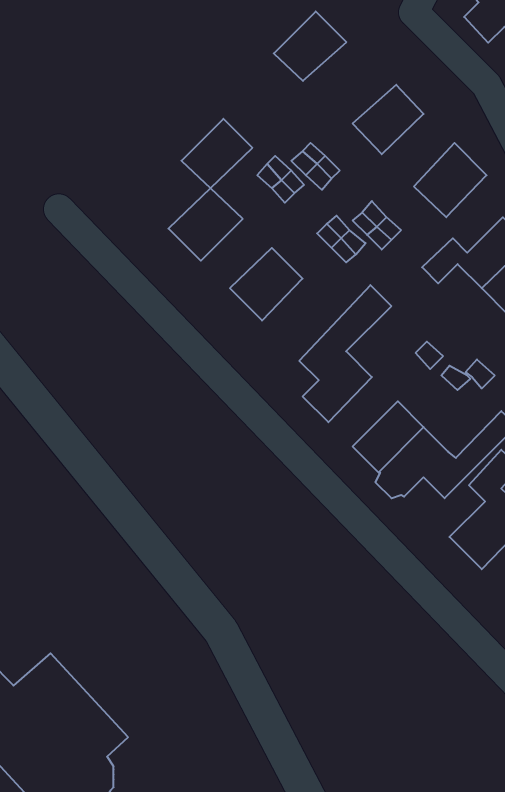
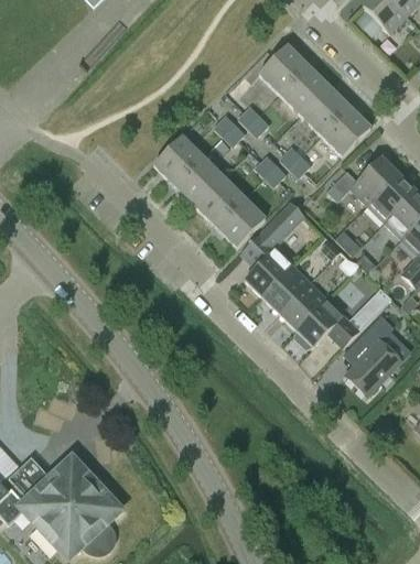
building: [274,11,346,81] -> [258,44,308,91]
building: none -> [298,85,347,134]
building: [181,119,252,188] -> [174,156,223,204]
building: none -> [216,197,265,246]
building: none -> [261,264,309,312]

